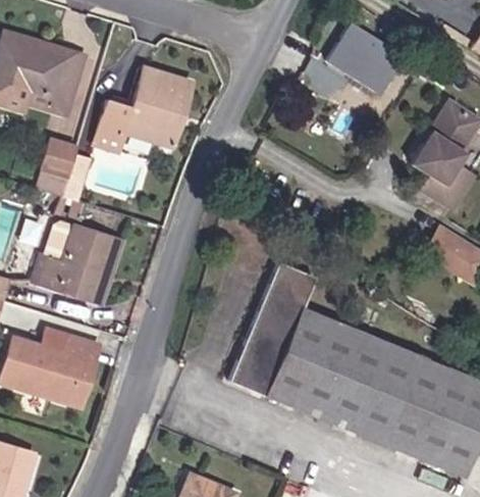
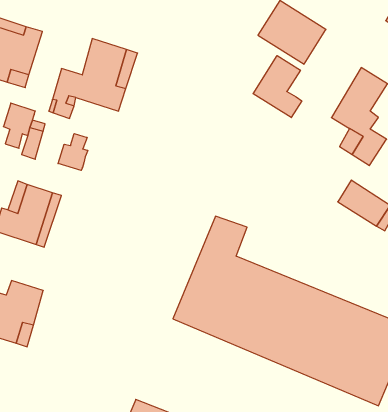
building: none -> [253,56,302,118]
building: none -> [58,134,88,170]

